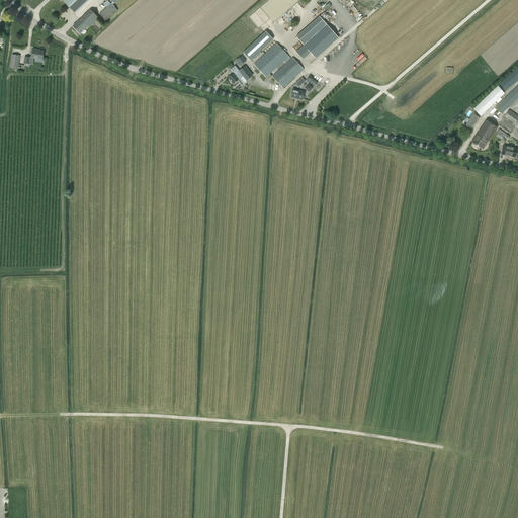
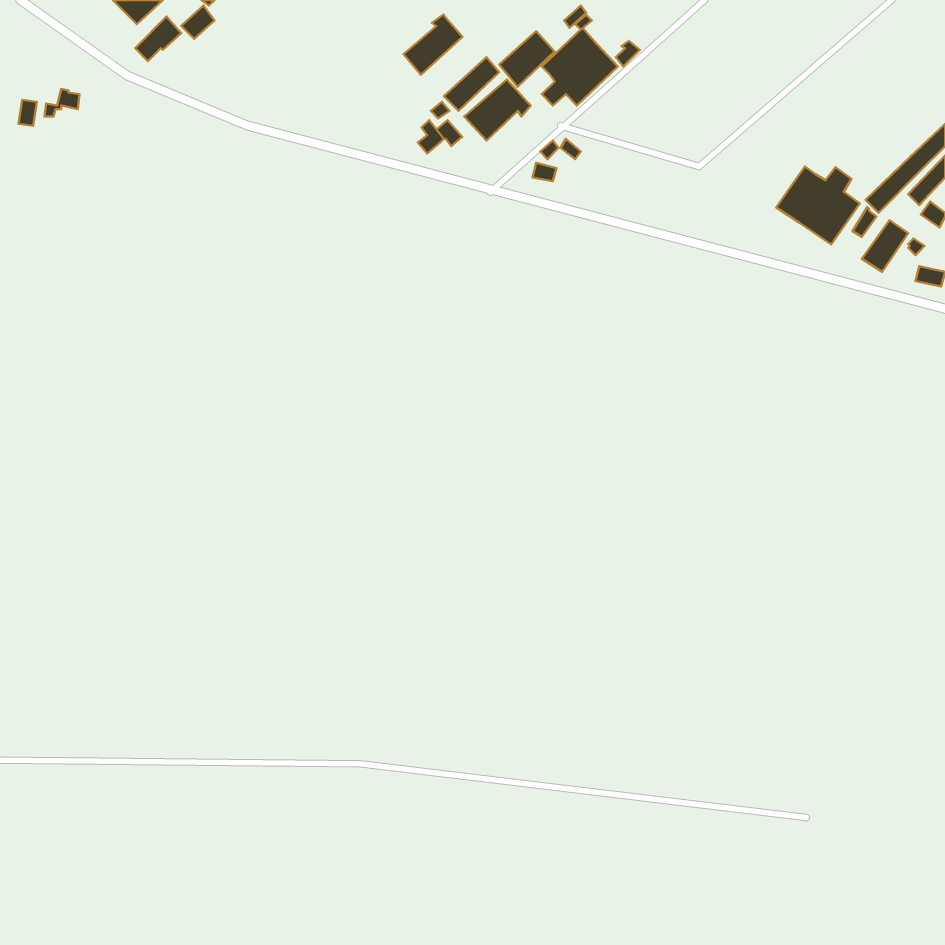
building: none -> [403,15,462,75]
building: [273,58,304,88] -> [499,31,555,87]
building: none -> [776,166,860,244]

